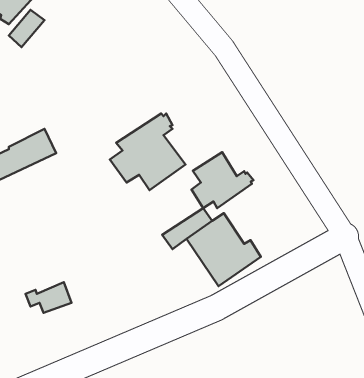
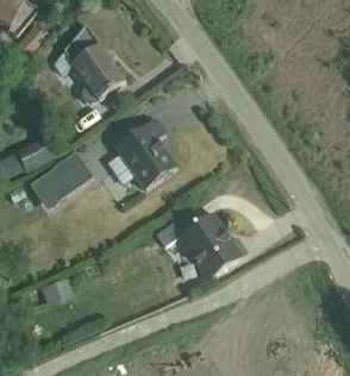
building: none -> [54,24,126,102]
building: none -> [27,151,94,209]
building: [192,152,253,208] -> none

